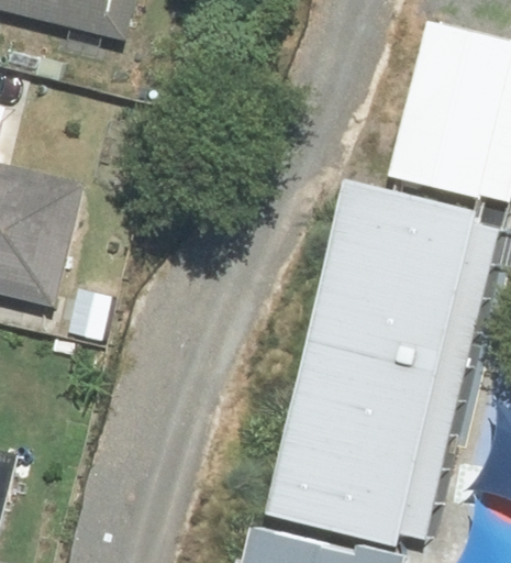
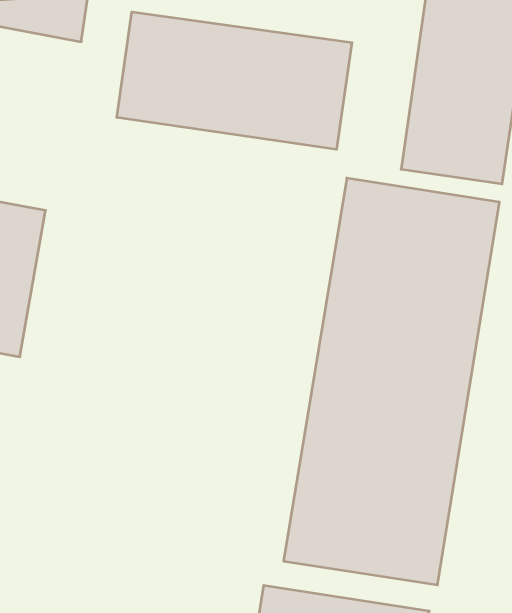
building: none -> [117,12,352,149]

